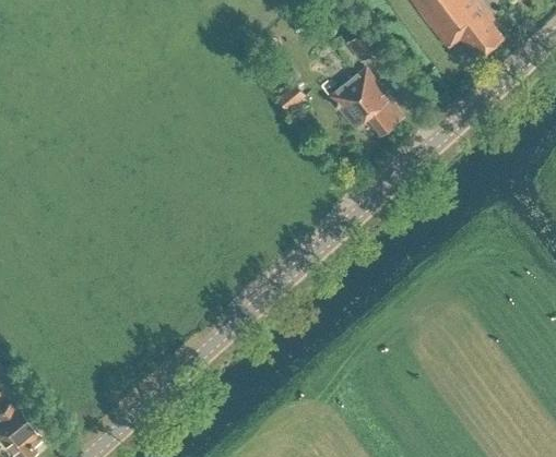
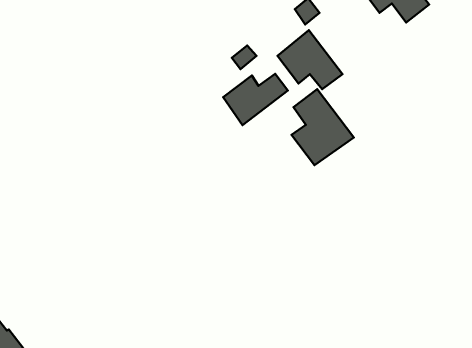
building: none -> [223,74,288,125]
building: none -> [292,89,354,165]

